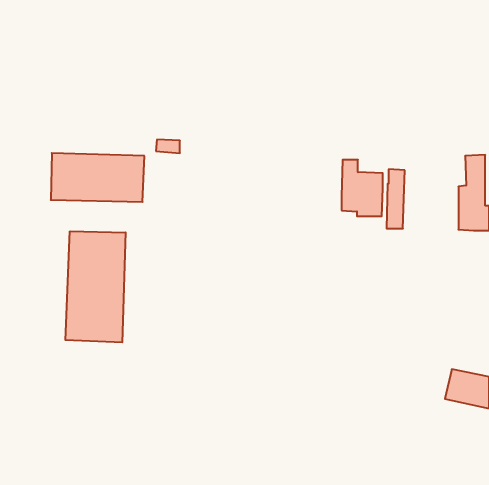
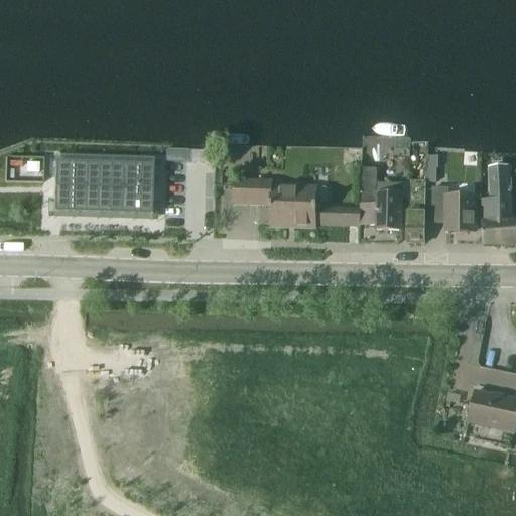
building: none -> [235,177,360,226]
building: none -> [432,185,475,229]
building: [65,231,126,342] -> none

